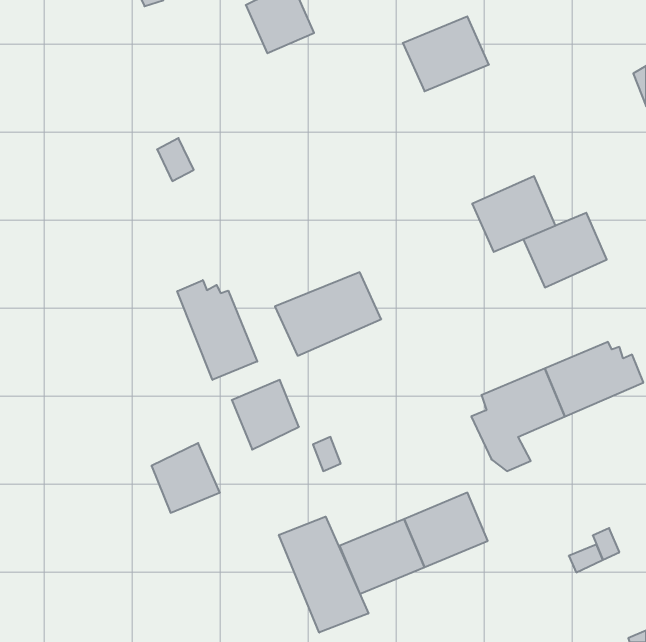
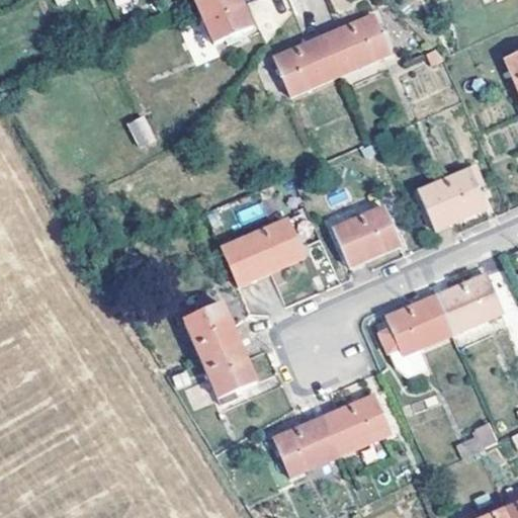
building: none -> [272,34,339,94]
building: [472,176,556,252] -> [334,205,401,266]
building: [177,280,257,380] -> none
building: [151,443,220,513] -> [201,341,256,397]
building: [279,517,368,633] -> none

